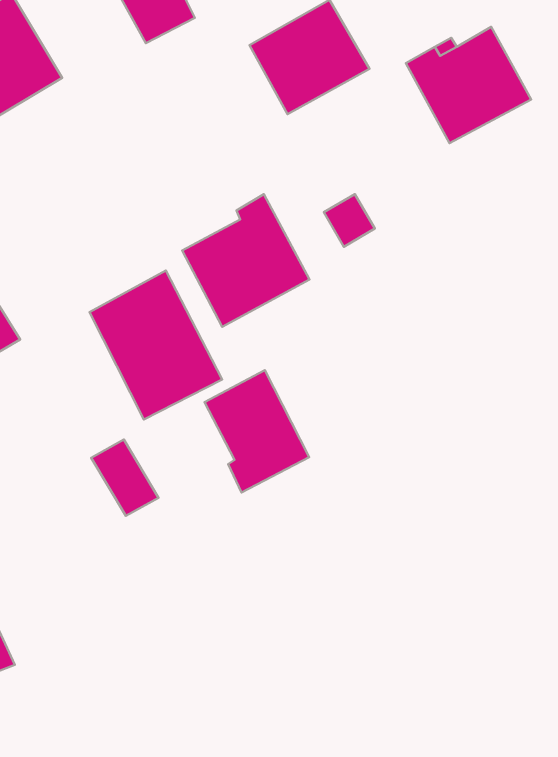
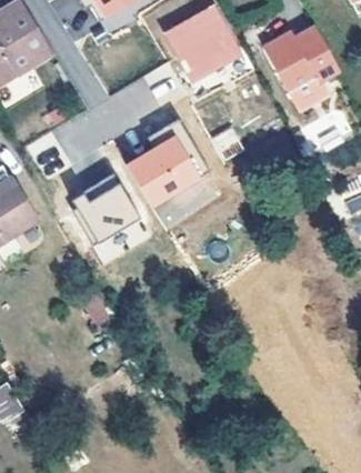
building: [205,370,309,493] -> none

